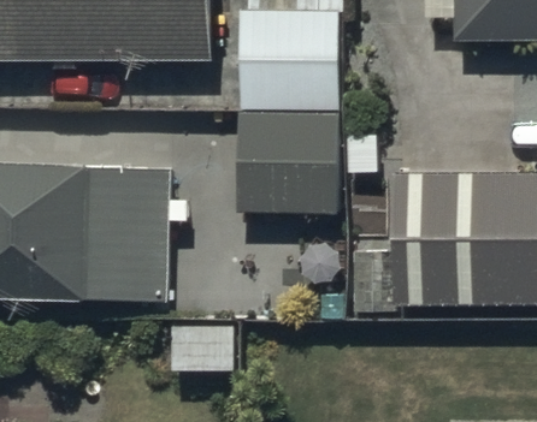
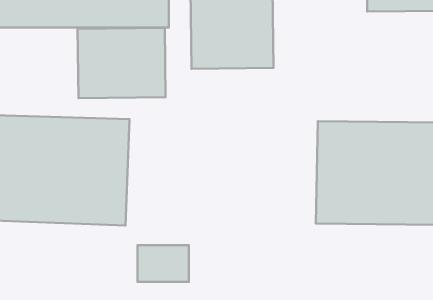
building: none -> [78,28,166,98]
building: [240,107,341,209] -> none

